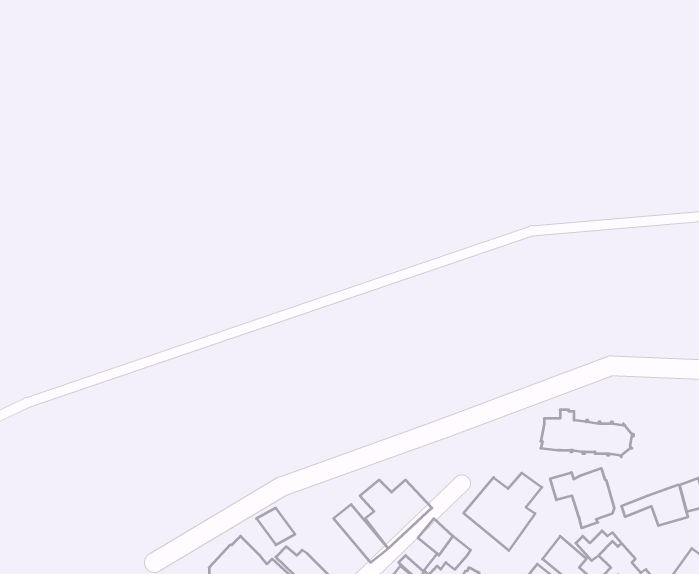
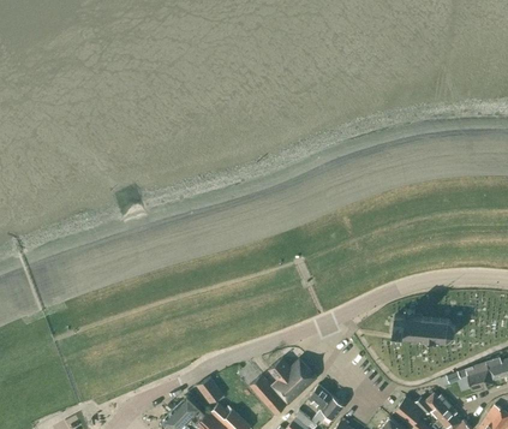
building: [550,468,614,528] -> none
building: [464,473,542,551] -> none

